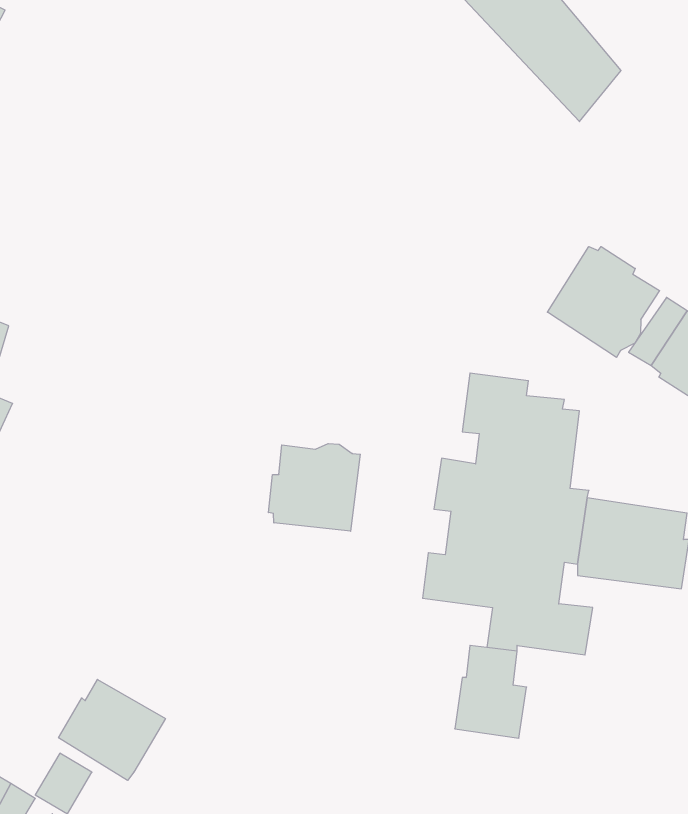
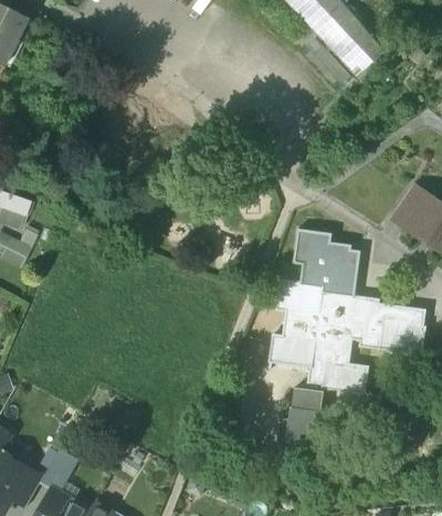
building: [547,247,660,357] -> none
building: [268,444,360,531] -> none
building: [59,679,165,780] -> none

